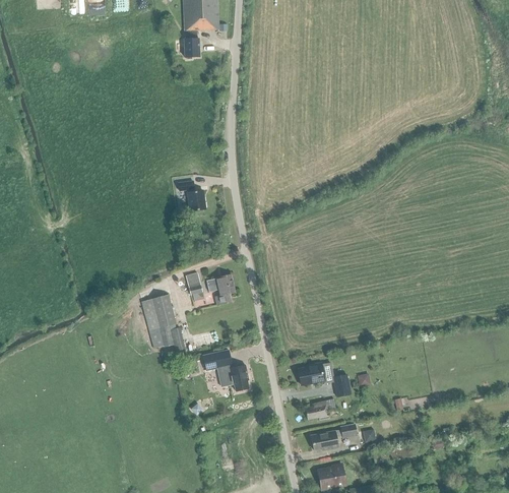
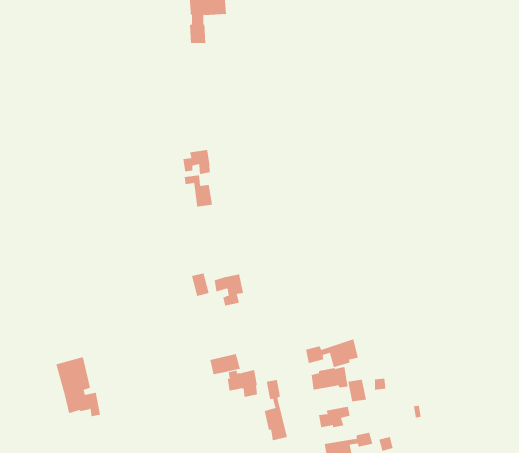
building: none -> [183,149,210,175]
building: [141,294,184,351] -> [55,357,101,417]
building: none -> [306,338,359,368]
building: none -> [264,379,287,441]

